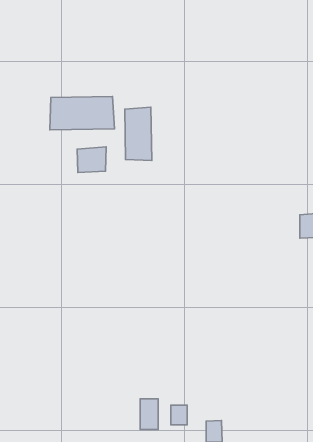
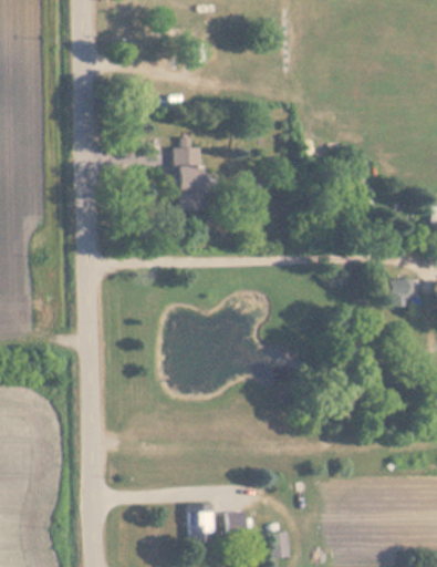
building: [50,97,115,130] -> none
building: [77,147,106,173] -> none

